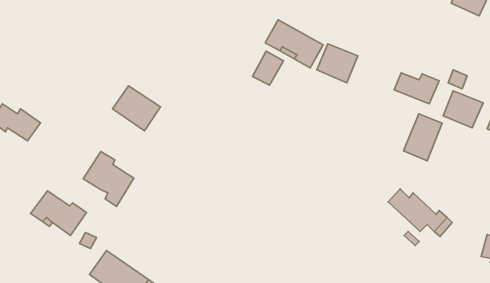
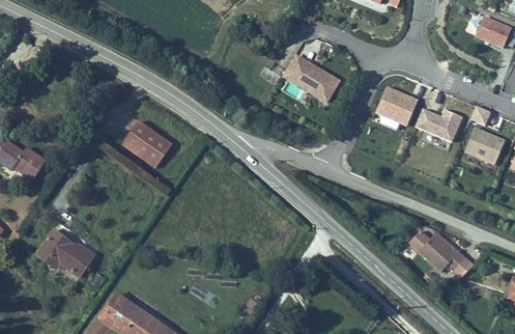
building: [317,44,358,83] -> [375,86,418,127]
building: [253,51,284,85] -> none
building: [403,114,442,161] -> none
building: [83,151,134,206] -> none

